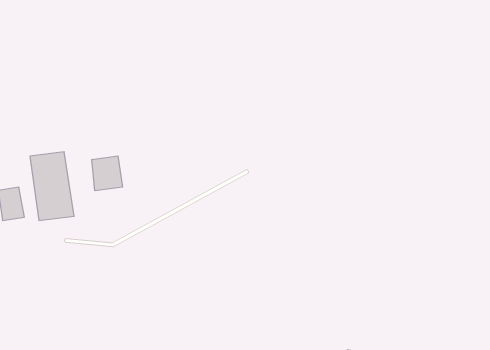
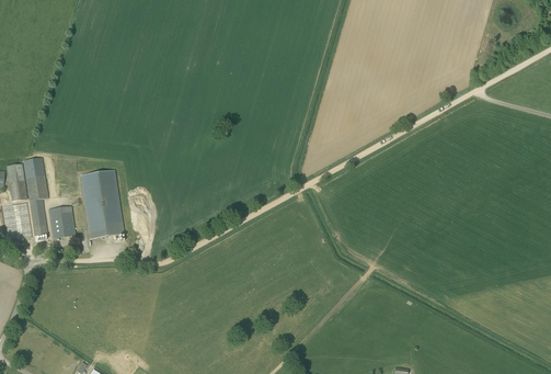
building: [92,156,122,191] -> none

